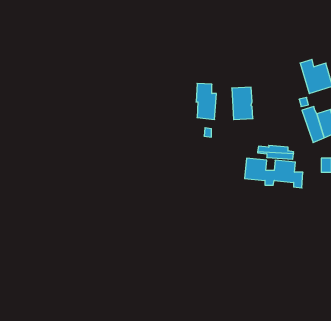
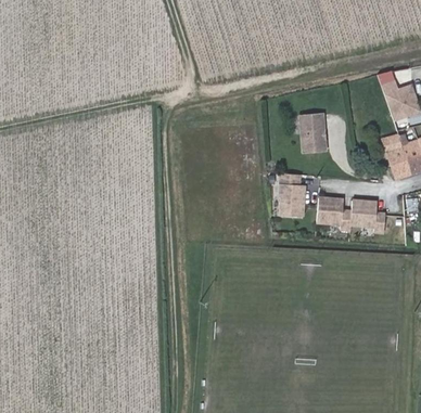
building: [196,83,216,119] -> [280,173,304,216]

